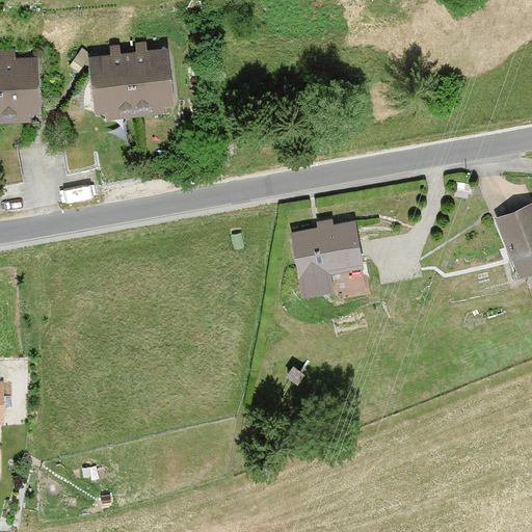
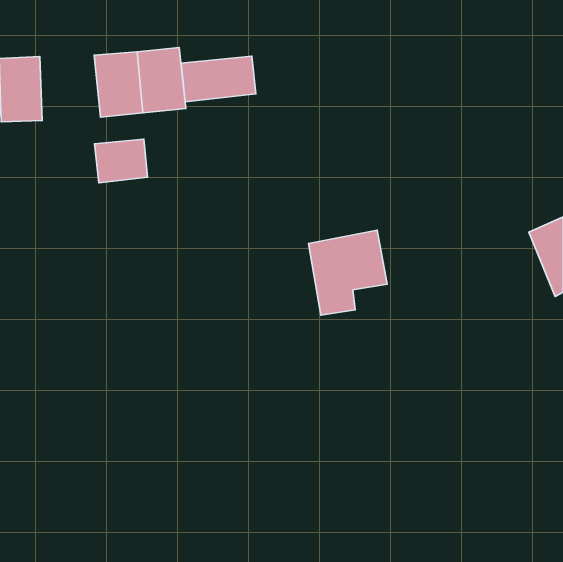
building: none -> [181,56,256,102]
building: none -> [95,139,148,183]

